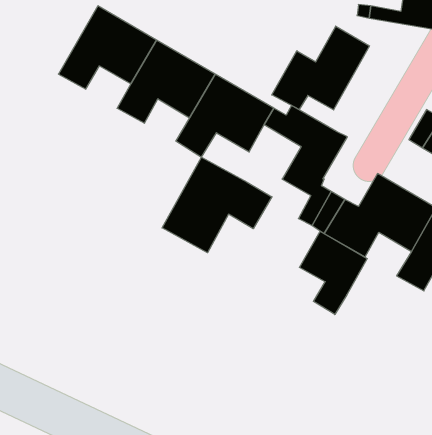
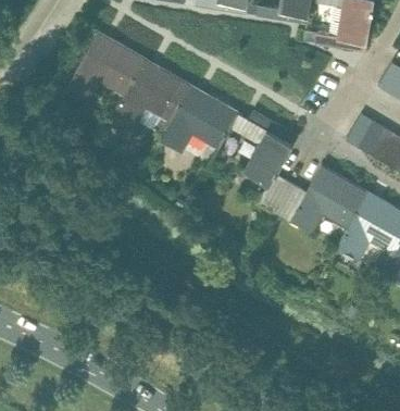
building: [272,26,369,110] -> none
building: [162,157,272,253] -> none
building: [299,231,367,315] -> none

